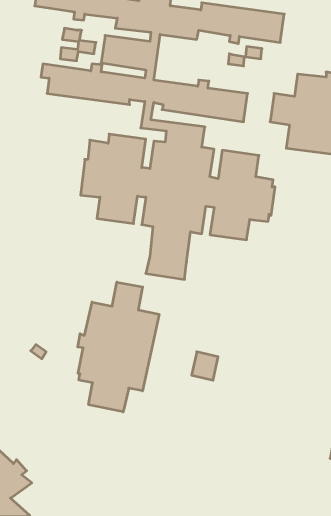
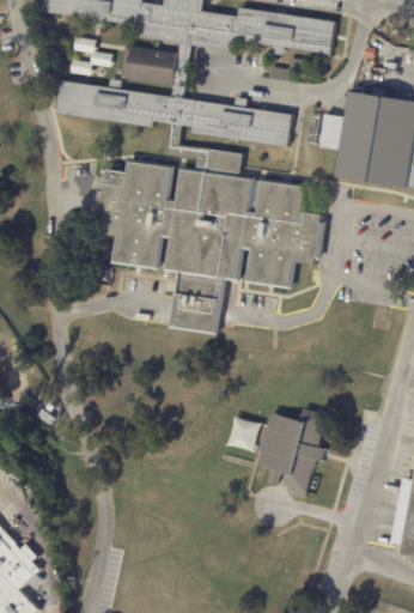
building: [78,282,159,412] -> none
building: none -> [257,408,324,497]

